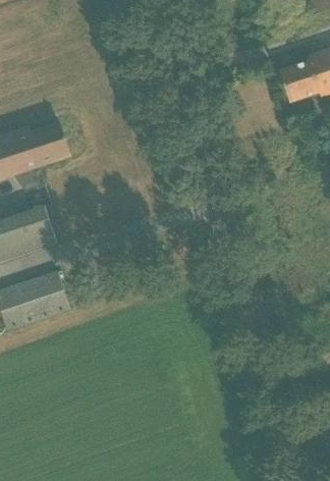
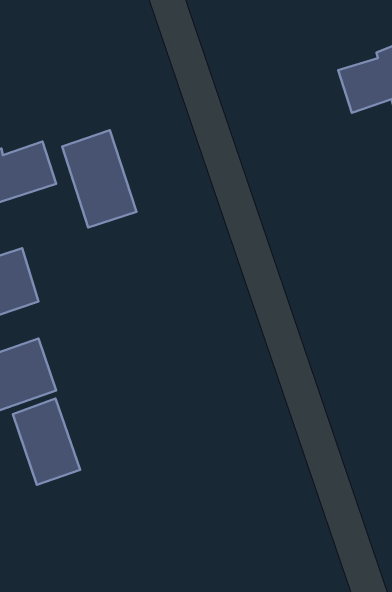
building: none -> [62,130,137,227]
building: none -> [13,398,80,485]

